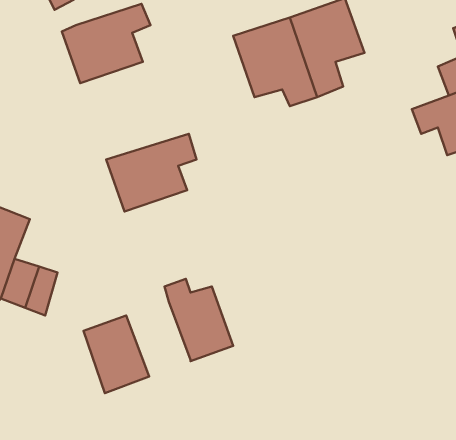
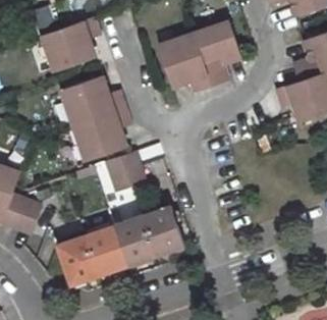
building: none -> [59,78,126,128]
building: none -> [106,150,146,191]
building: none -> [142,202,186,253]
building: none -> [85,223,127,273]

